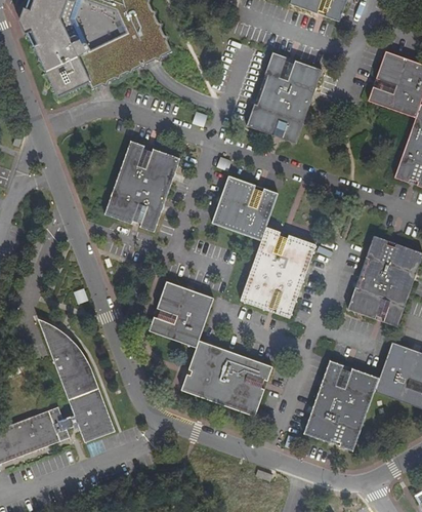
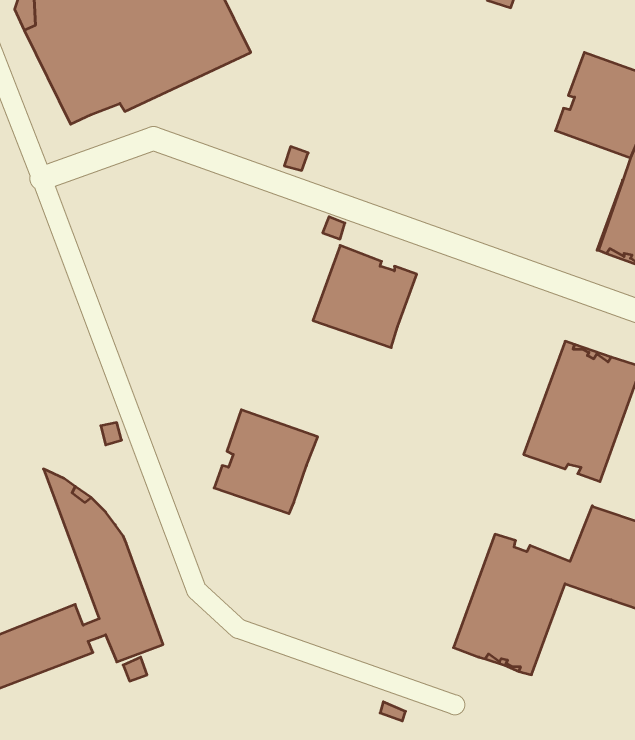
building: [245,51,322,143] -> none
building: [103,140,180,231] -> none
building: [240,227,315,318] -> none
building: [180,340,271,416] -> none

